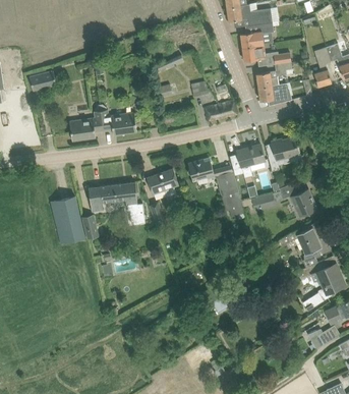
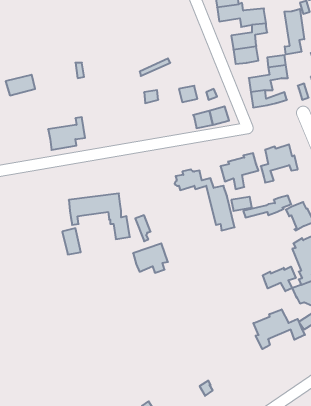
building: none -> [284,9,304,54]
building: [101,110,137,135] -> none
building: [147,169,179,196] -> [133,243,168,273]
building: [51,196,85,244] -> none
building: none -> [263,267,296,291]
building: none -> [253,309,305,349]

